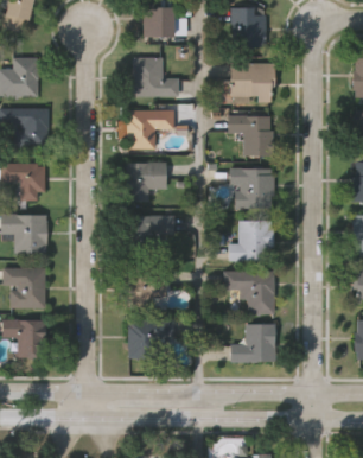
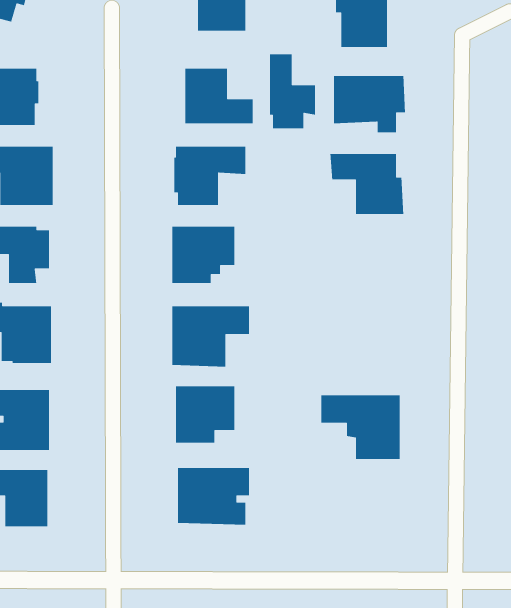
building: none -> [269,53,316,129]
building: [229,167,275,206] -> none
building: [227,221,272,261] -> none
building: [229,325,276,363] -> none

